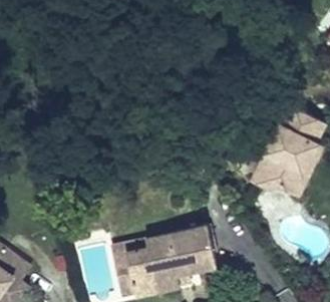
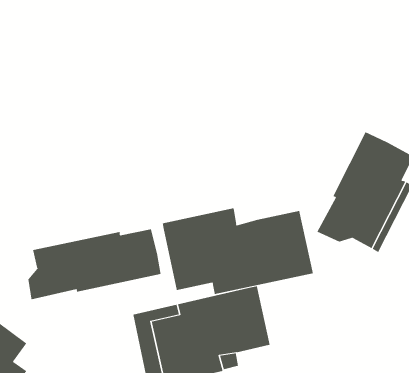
building: none -> [162,208,314,295]
building: none -> [28,228,161,300]

